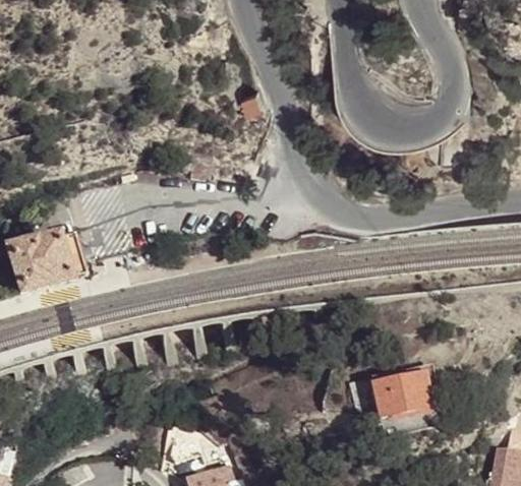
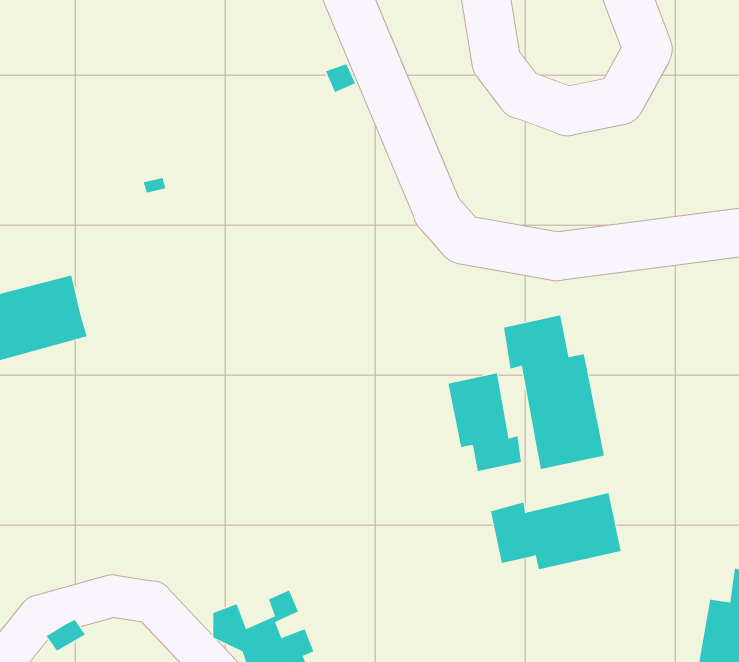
building: none -> [503,315,605,470]
building: none -> [448,373,522,472]

